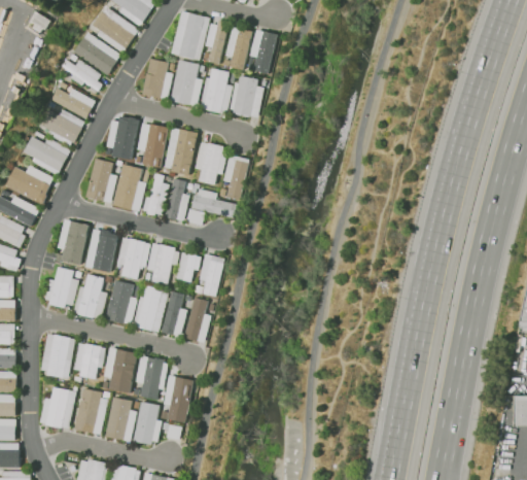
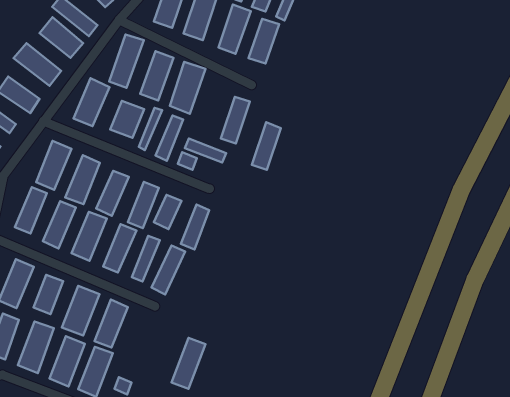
building: [201,142,221,185] -> [252,122,281,170]
building: [169,376,194,422] -> [172,338,205,389]

